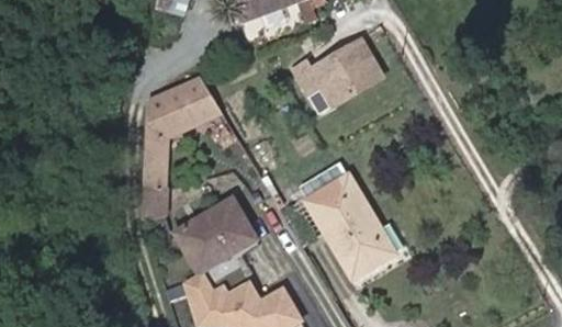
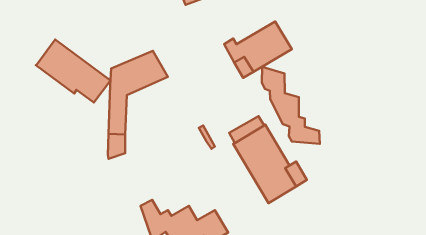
building: none -> [36,40,110,103]
building: none -> [262,67,320,144]
building: [176,200,256,269] -> none

